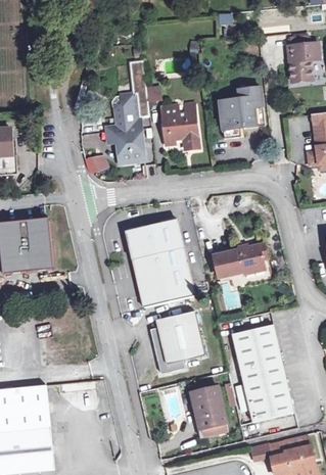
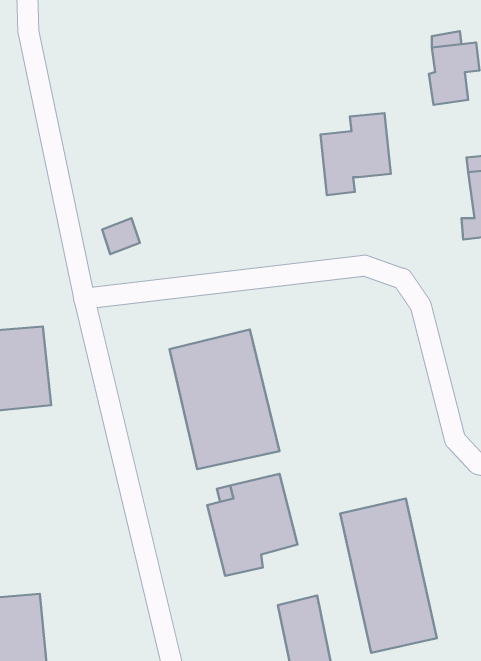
building: [106,59,149,160] -> none
building: [160,101,199,147] -> none
building: [213,241,271,284] -> none

